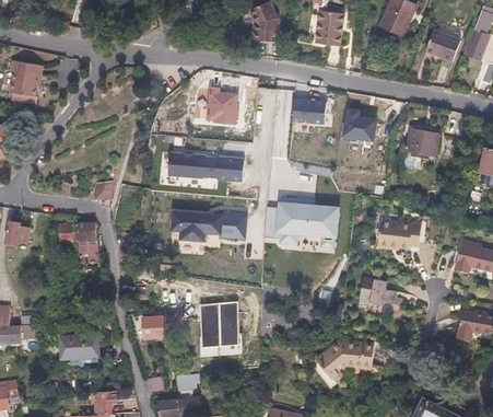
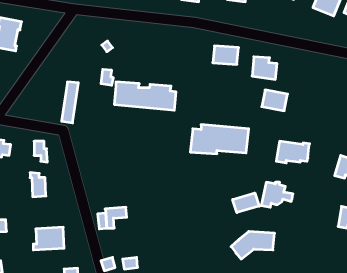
building: [207,88,238,124] -> none
building: [404,129,438,157] -> [262,90,288,111]
building: [172,205,246,242] -> none
building: [75,217,96,248] -> [30,173,46,197]
building: none -> [233,193,259,213]
building: [199,303,239,347] -> none

